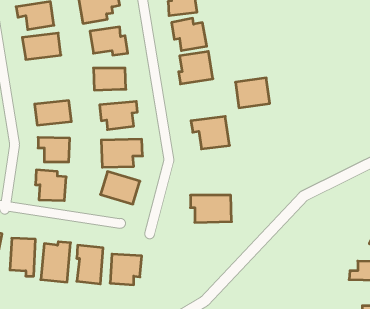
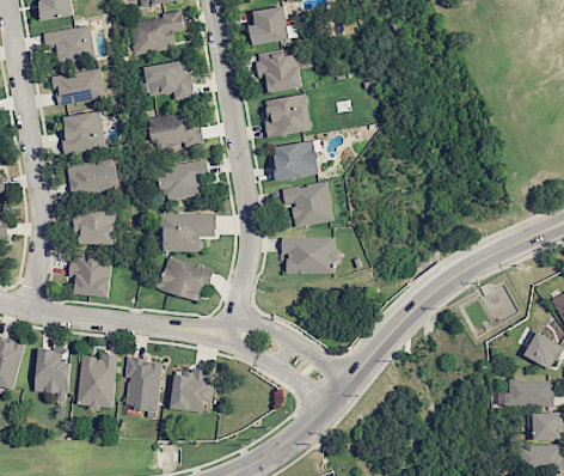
building: none -> [59,110,106,154]
building: [235,78,270,108] -> [271,140,318,181]
building: [190,195,232,222] -> [281,237,337,274]

